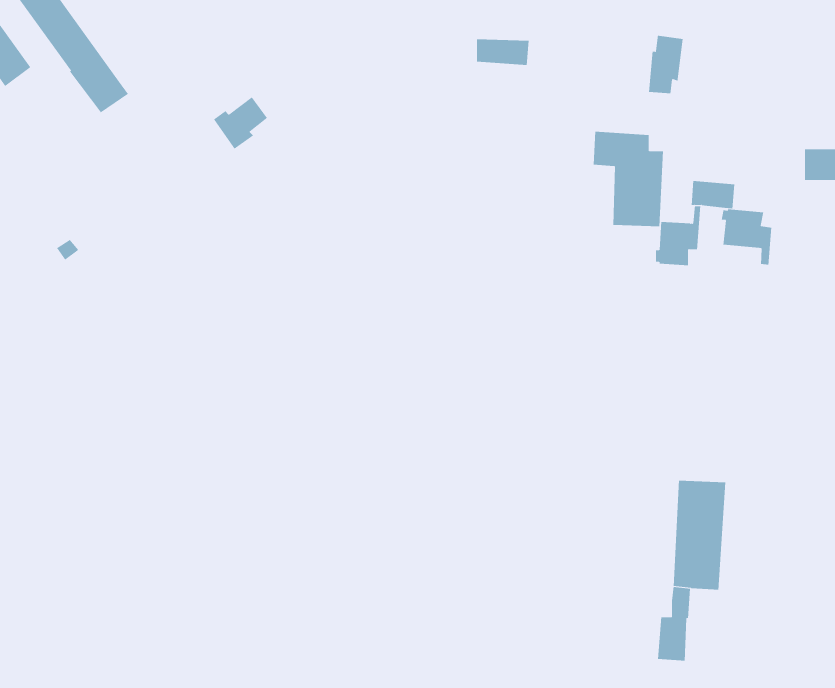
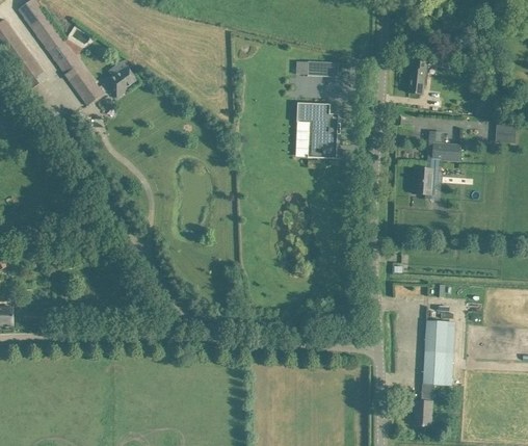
building: [213,96,268,150] -> [103,67,135,98]
building: [593,131,664,227] -> [295,102,337,158]
building: [721,209,772,266] -> none

